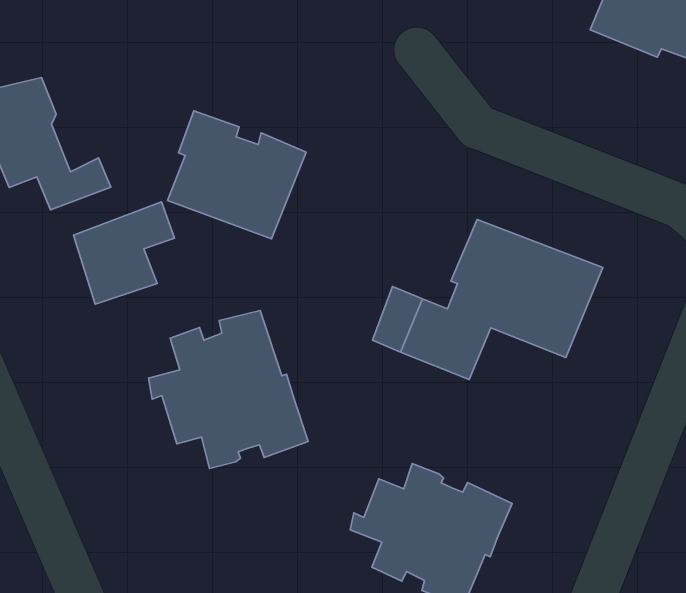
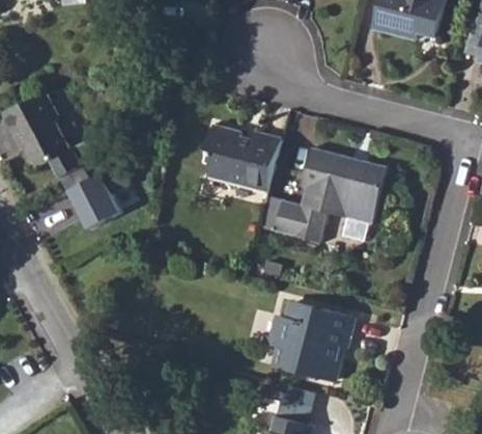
building: [168,111,306,239] -> [204,123,283,193]
building: [148,311,308,469] -> none

